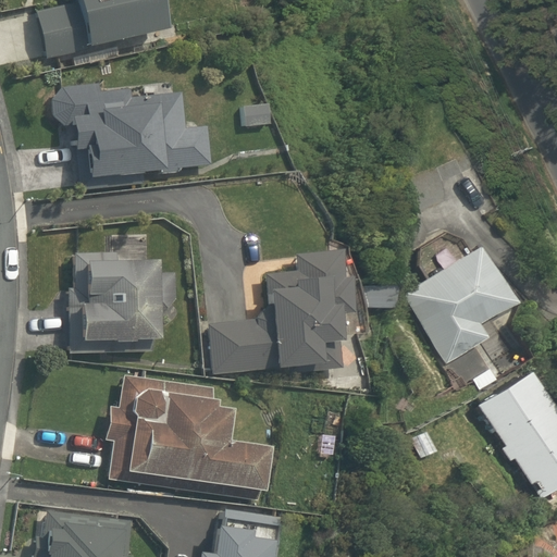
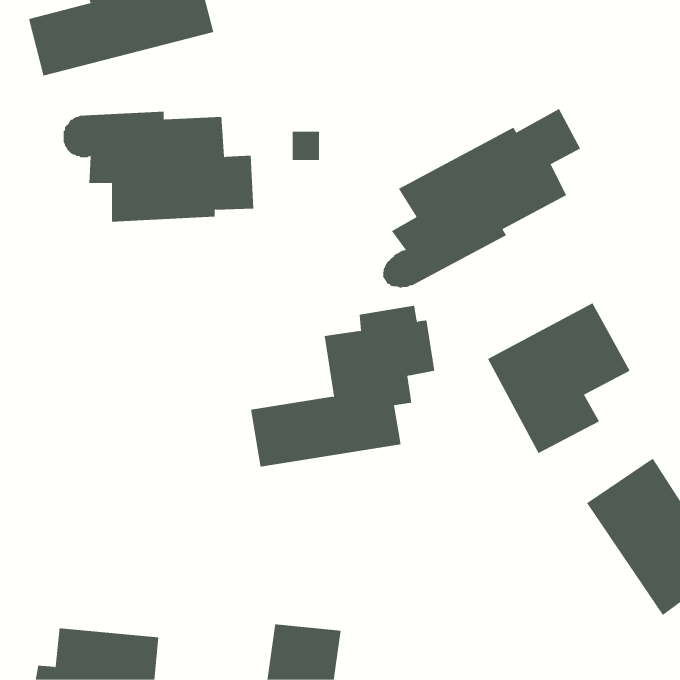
building: none -> [382,108,581,288]
building: [67,250,163,357] -> none
building: [104,372,277,496] -> none

